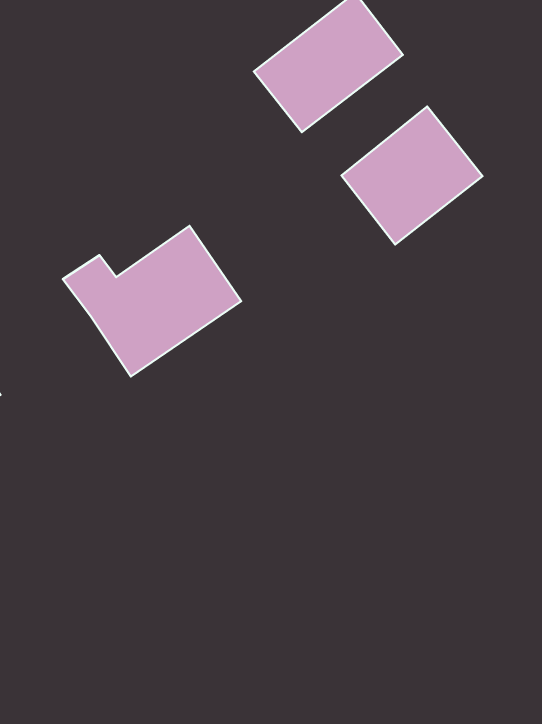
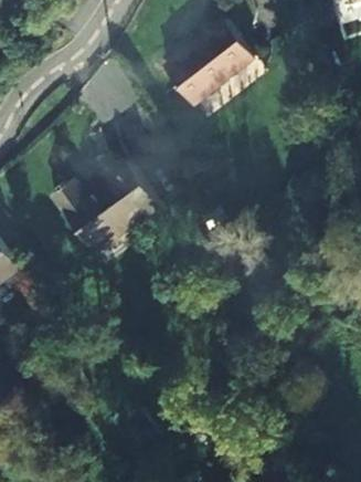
building: [341,106,483,244] -> none

